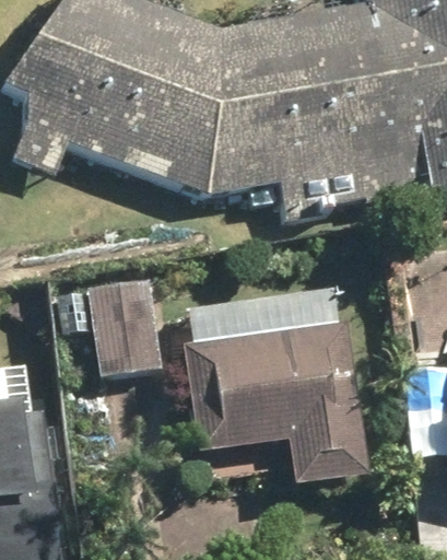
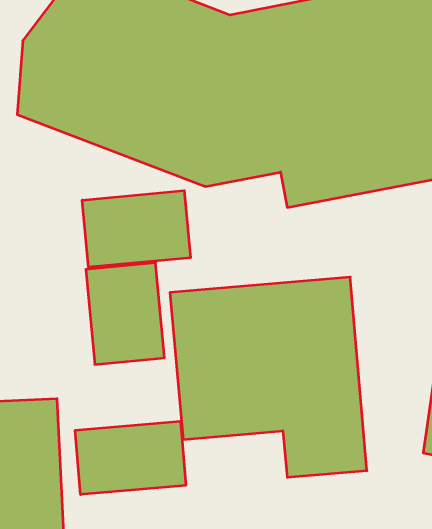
building: none -> [82,191,190,267]
building: none -> [75,421,186,495]

